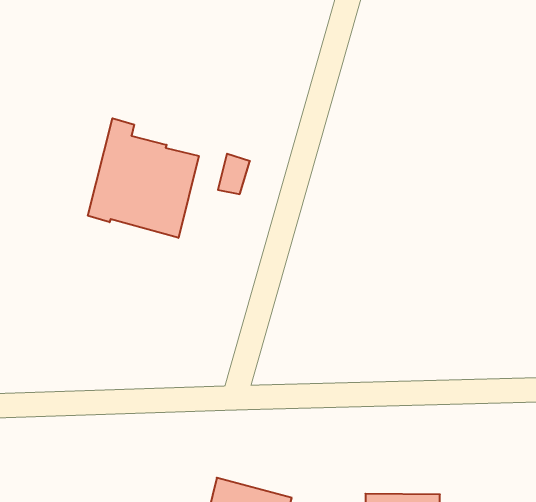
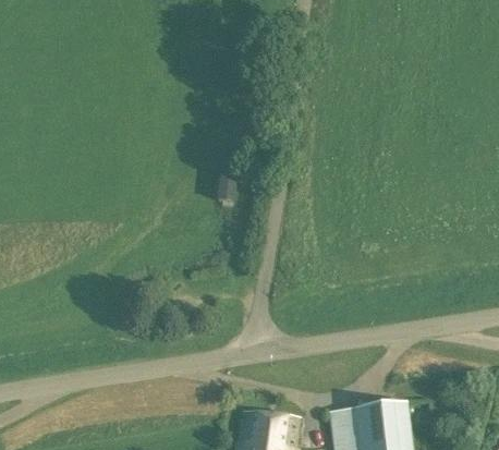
building: [88,118,199,238] -> none

